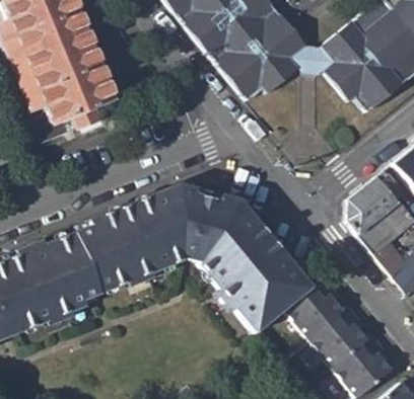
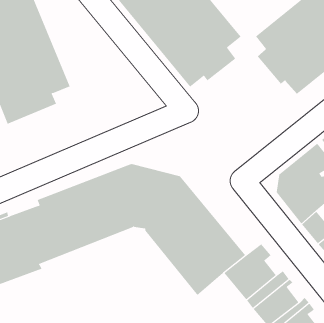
building: [291,45,333,74] -> none

